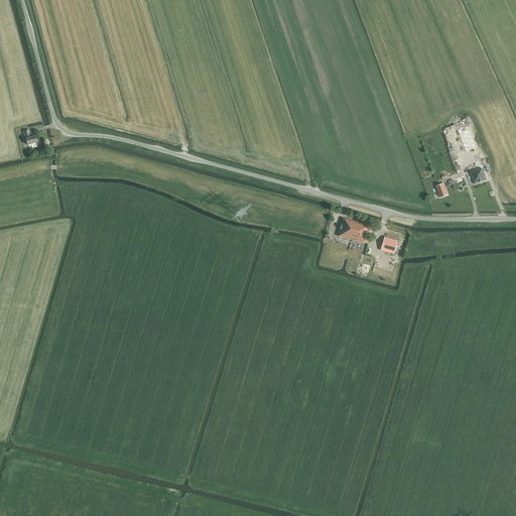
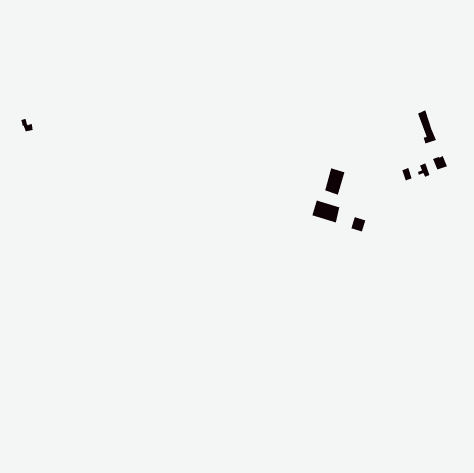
building: none -> [324,168,345,196]

